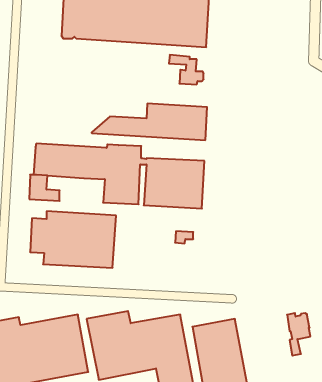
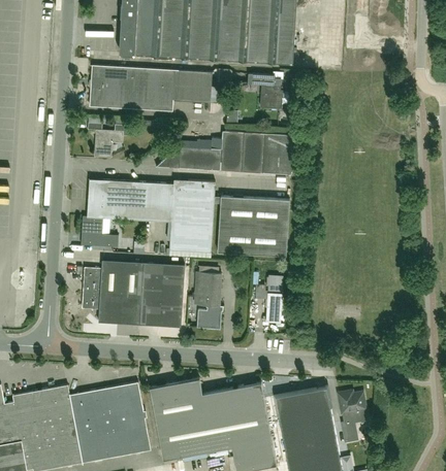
building: none -> [89,66,212,111]
building: none -> [88,124,129,158]
building: none -> [194,272,221,329]
building: none -> [264,293,281,322]
building: [287,313,310,356] -> [338,392,365,442]

